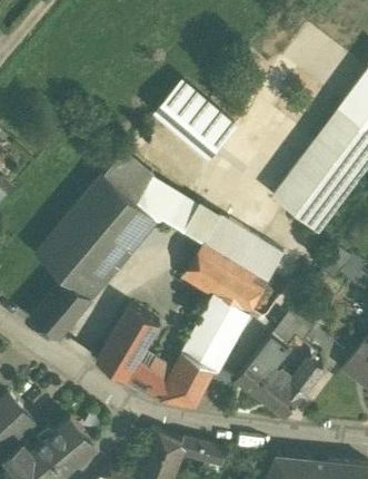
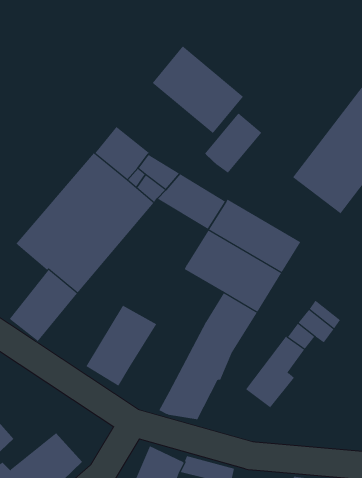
building: none -> [204,113,262,174]
building: [257,358,322,419] -> none
building: [125,362,168,400] -> none

